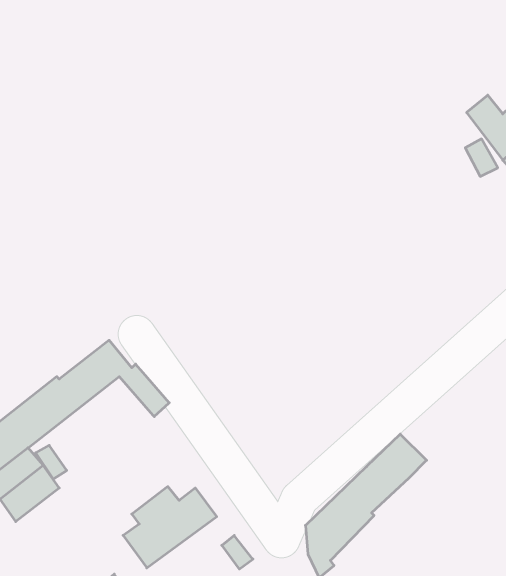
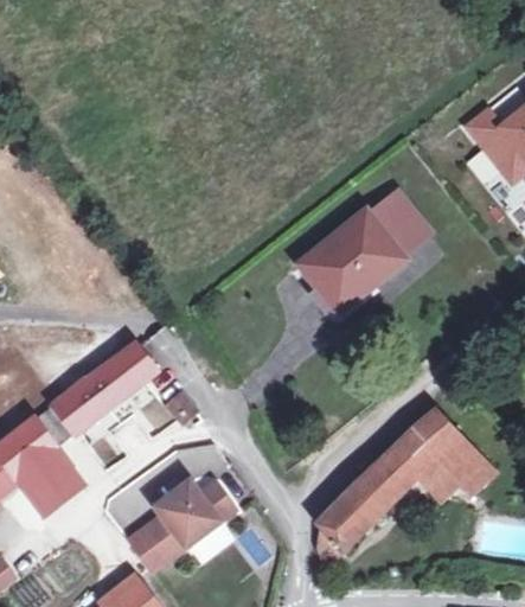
building: none -> [302,193,428,311]
building: none -> [408,409,495,498]

